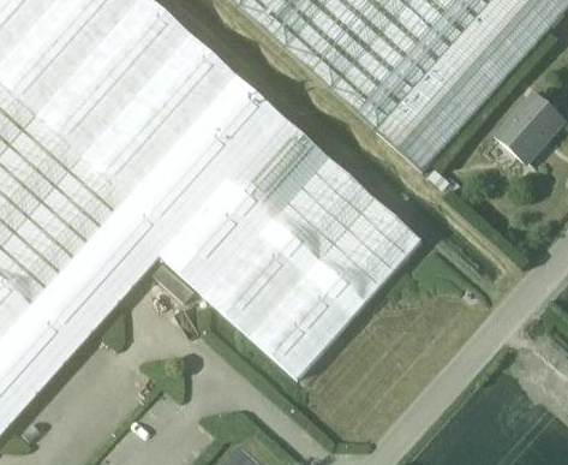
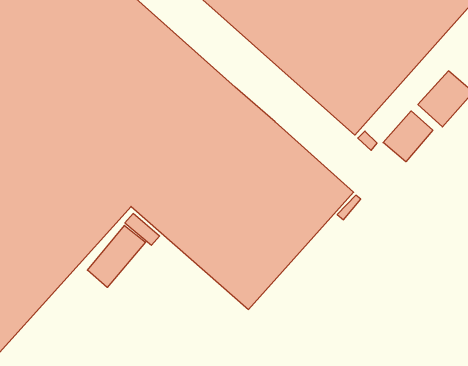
building: none -> [383,111,433,162]
building: none -> [87,225,146,287]

